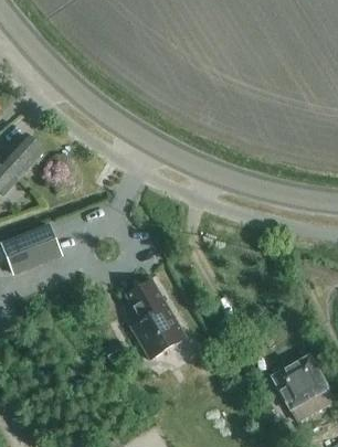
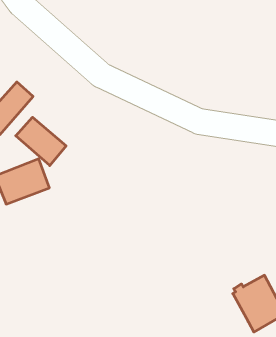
building: none -> [16,117,66,166]
building: [124,277,188,361] -> none

